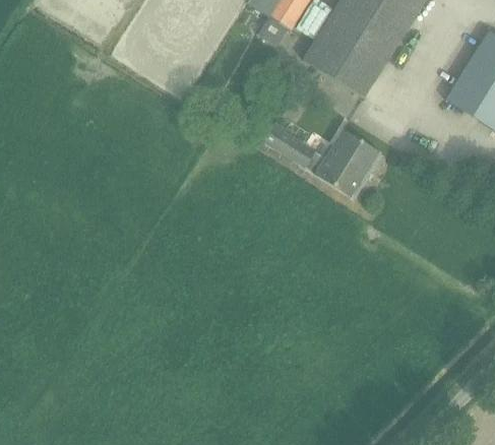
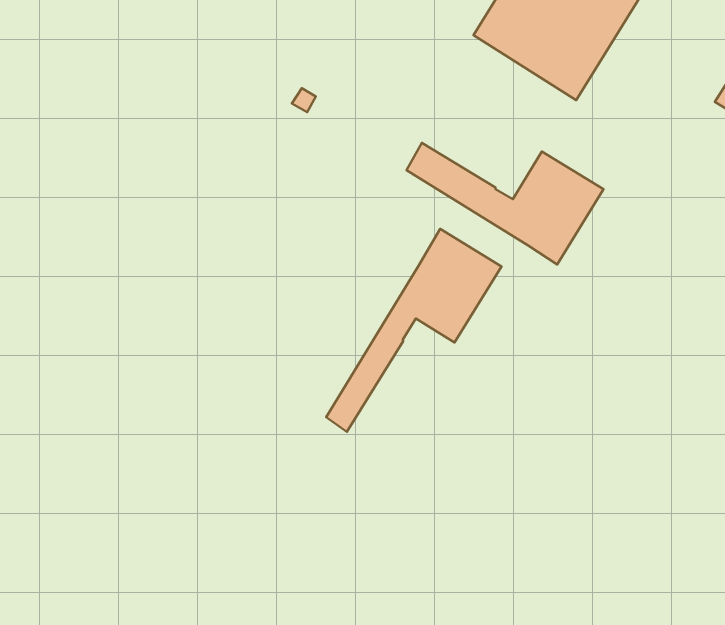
building: none -> [326,229,501,432]

